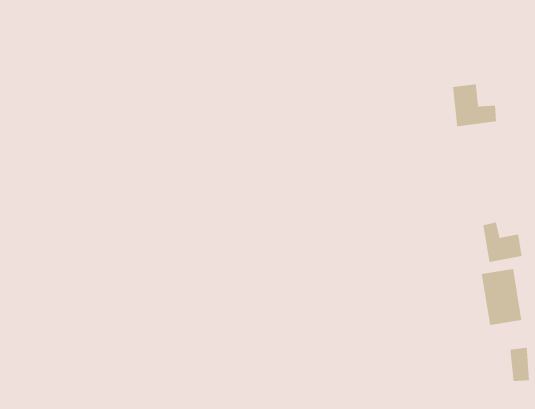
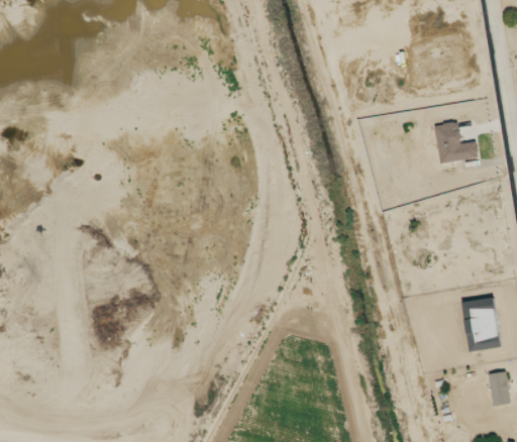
building: [483,221,522,263] -> none

